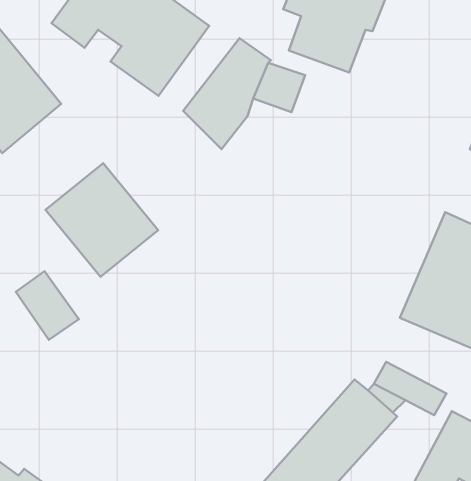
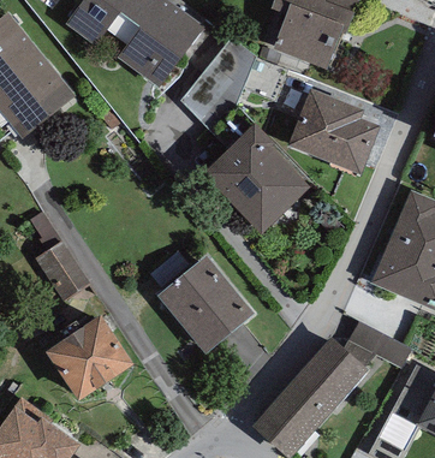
building: none -> [287,87,379,173]
building: none -> [204,121,310,232]
building: [46,163,158,277] -> [155,254,254,353]
building: none -> [46,314,133,399]

